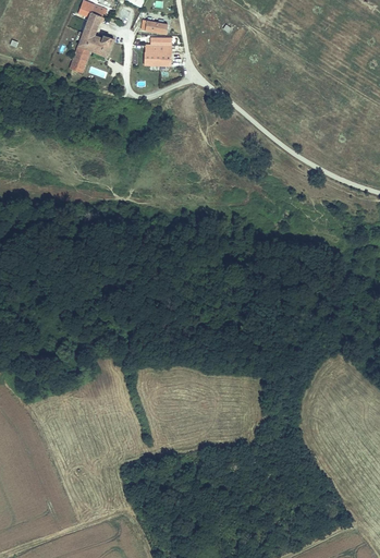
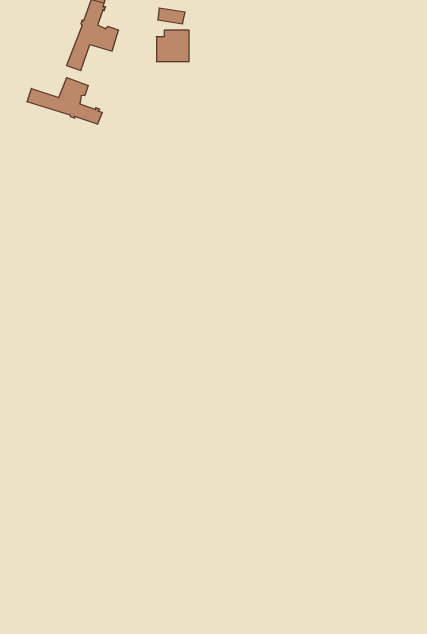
building: none -> [27,78,102,124]

